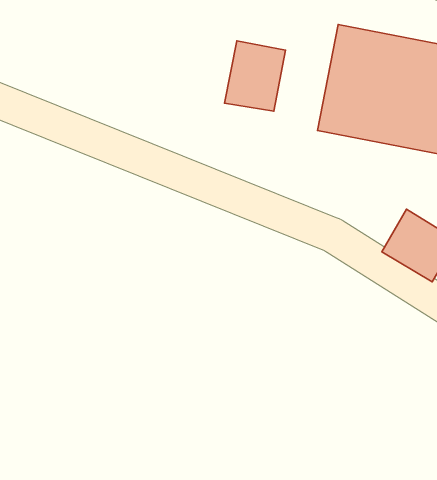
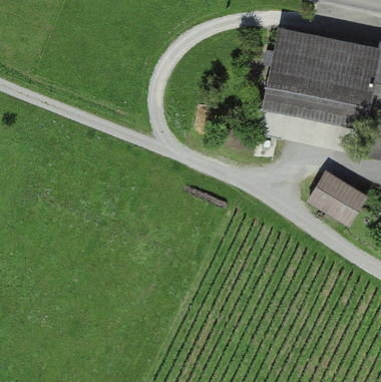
building: [225,41,286,111] -> none

